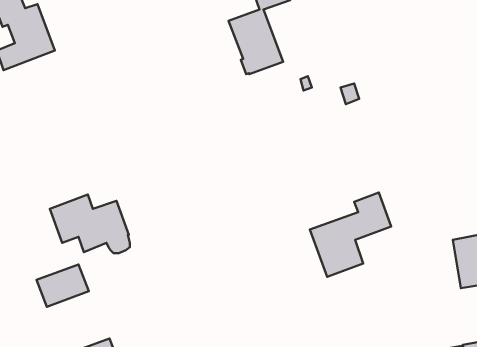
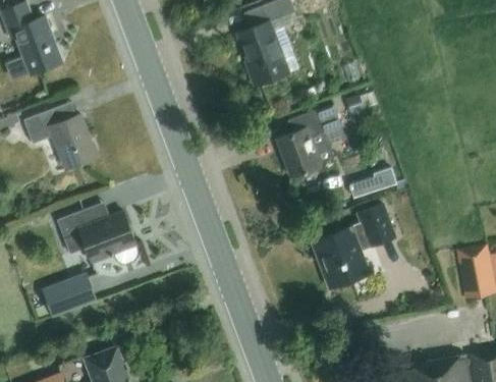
building: none -> [24,104,99,169]
building: none -> [277,104,343,177]
building: none -> [351,166,398,197]

